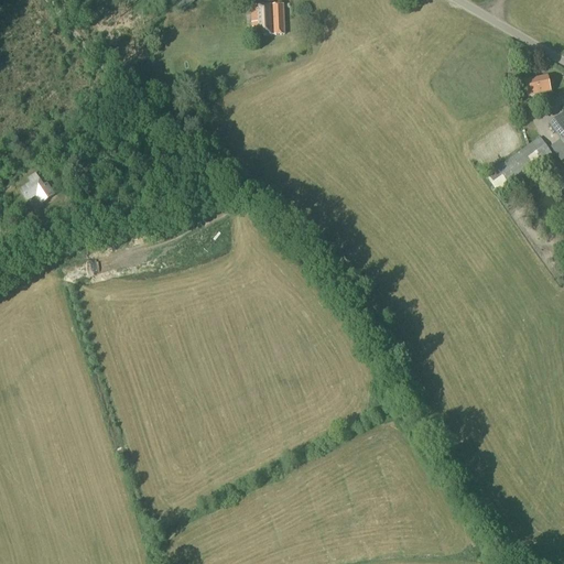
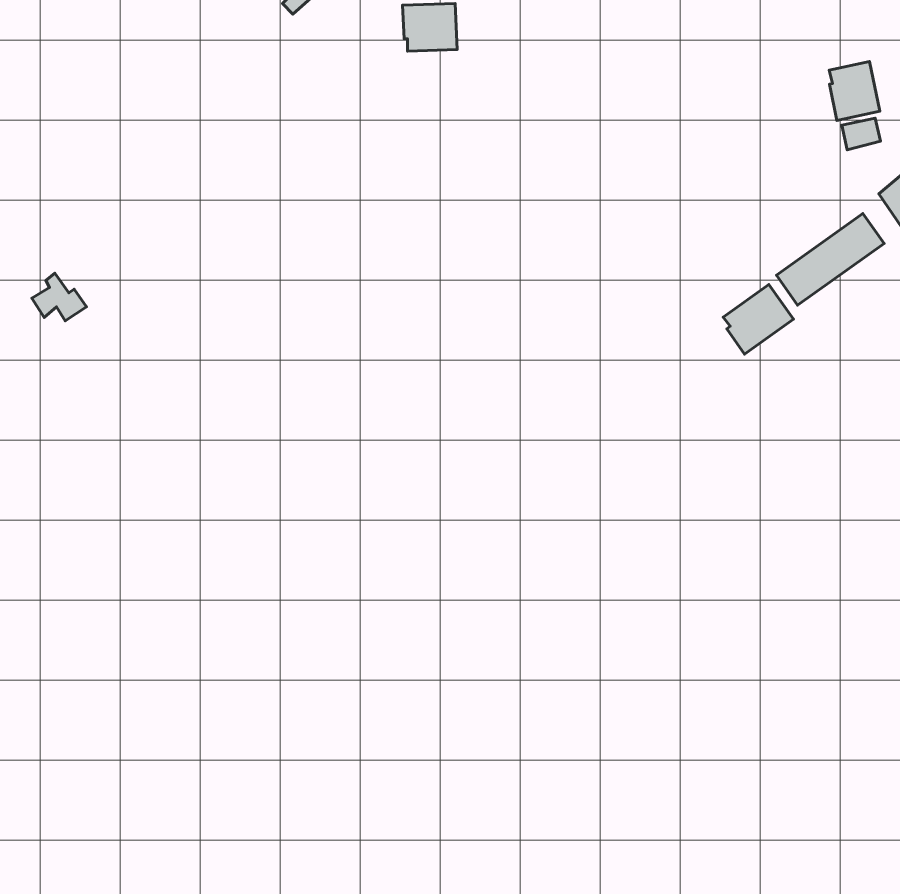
building: none -> [829,62,880,120]
building: none -> [723,285,793,354]

